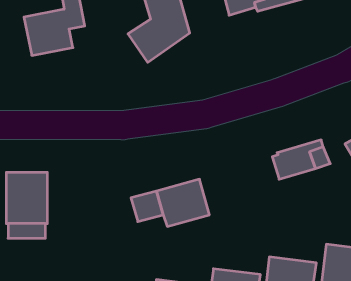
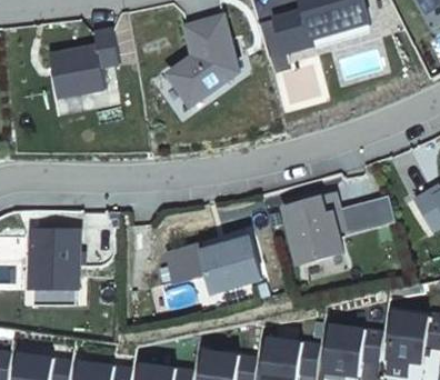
building: none -> [282,192,342,263]

